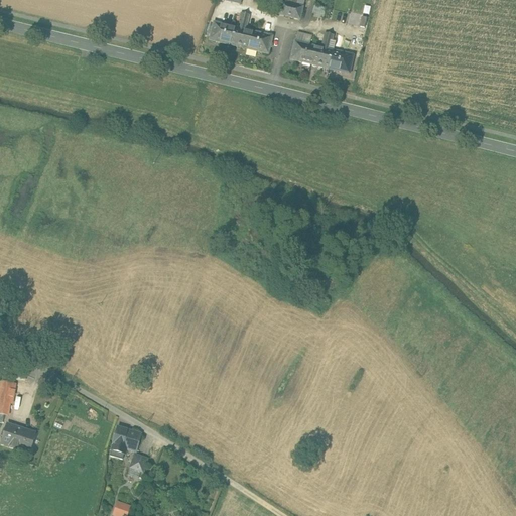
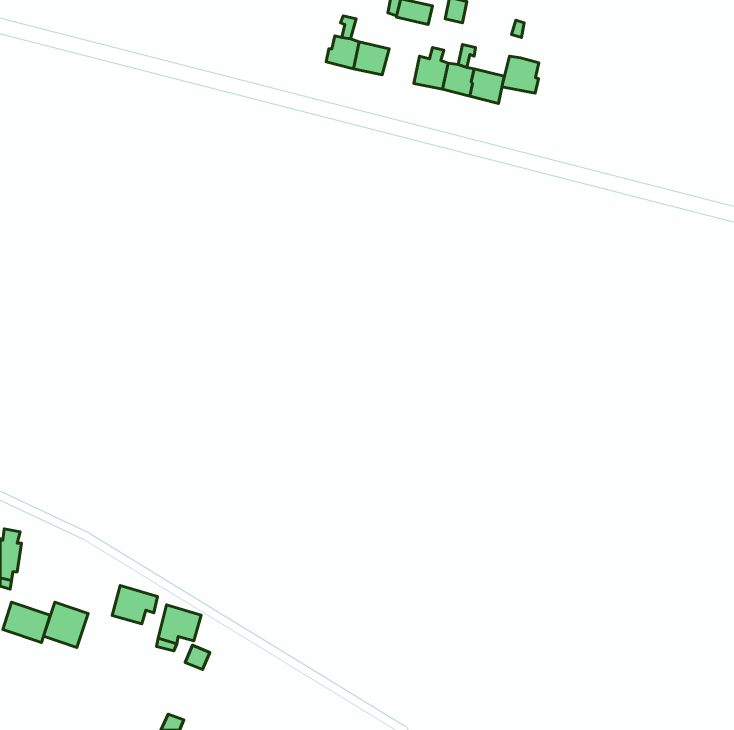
building: [209,20,235,43] -> none
building: none -> [502,56,539,93]
building: none -> [112,586,158,624]
building: none -> [44,602,88,647]

